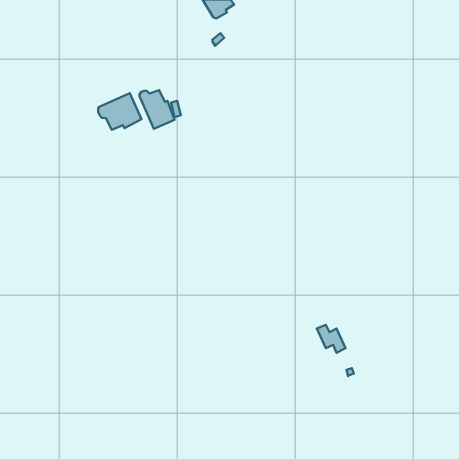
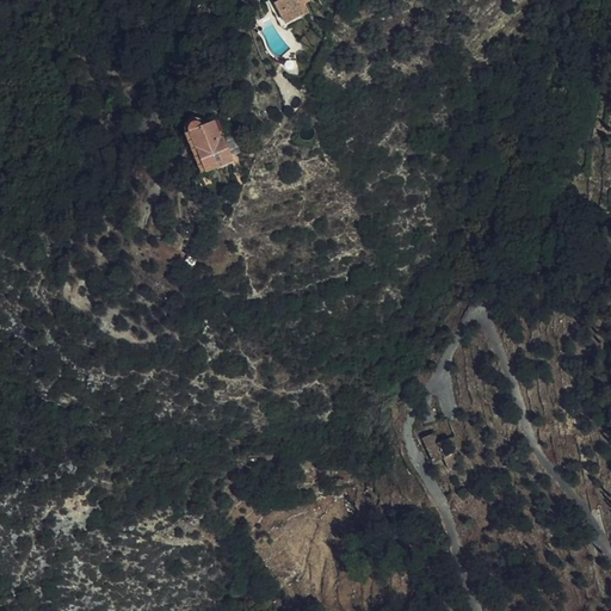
building: [98,93,142,130] -> none

